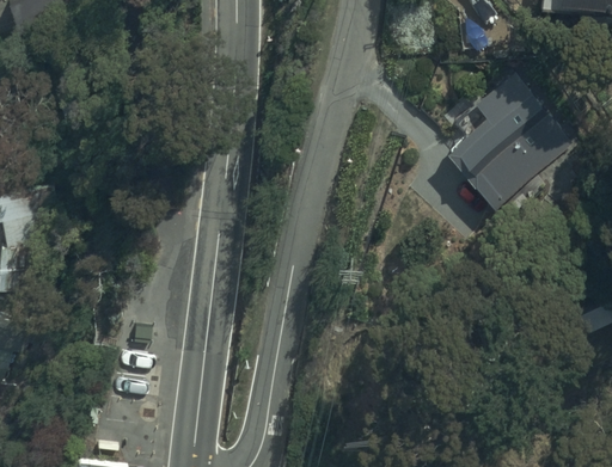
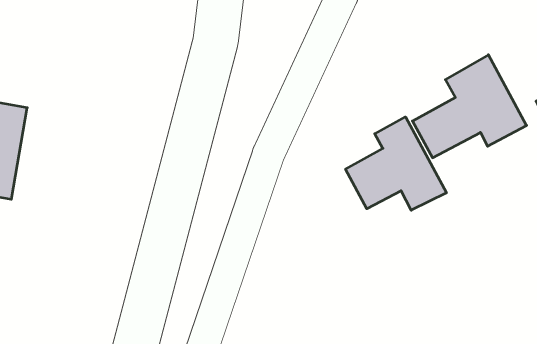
building: none -> [346,117,446,210]

